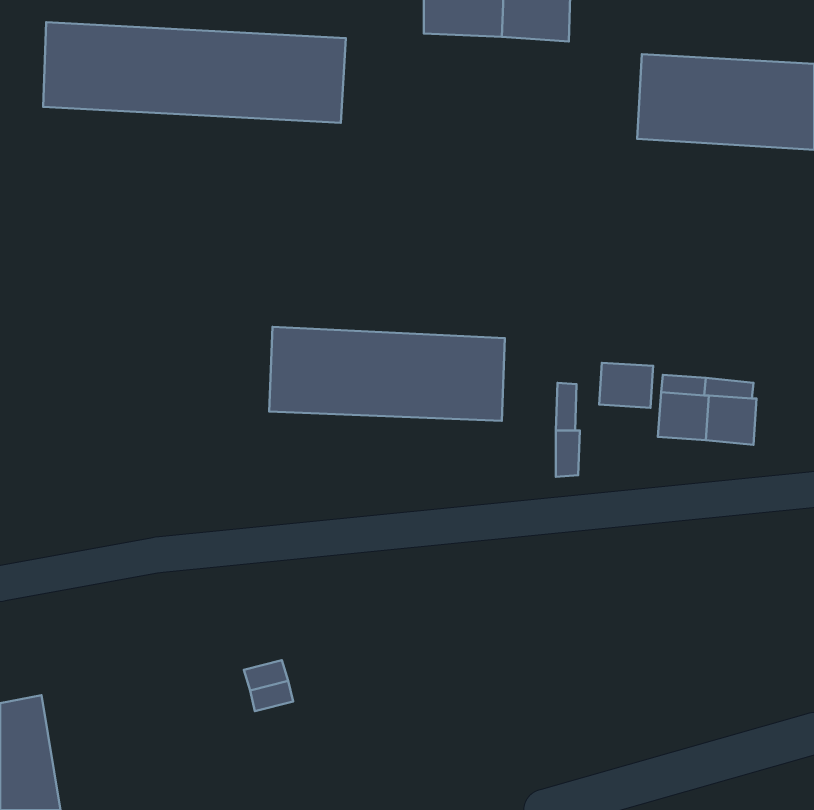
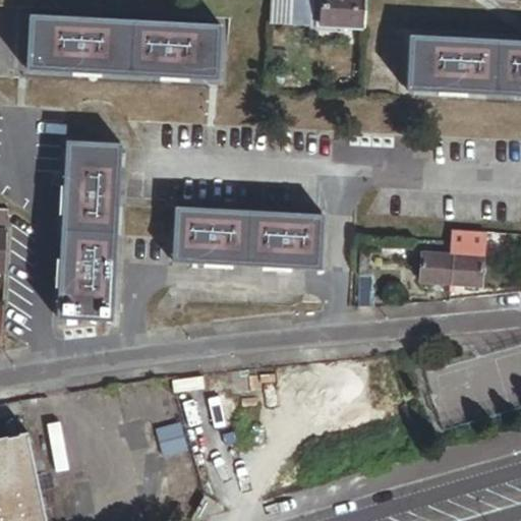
building: none -> [57,141,120,322]
building: [599,363,653,408] -> none

